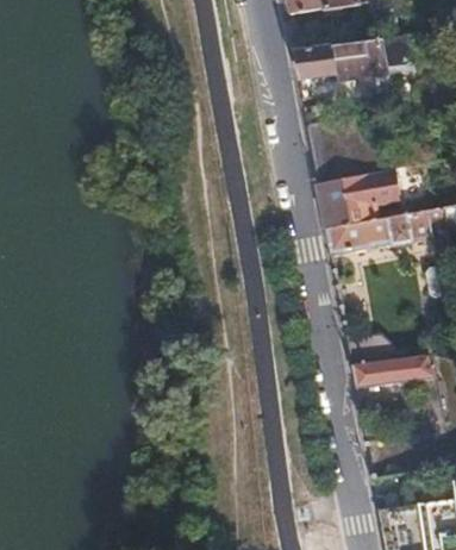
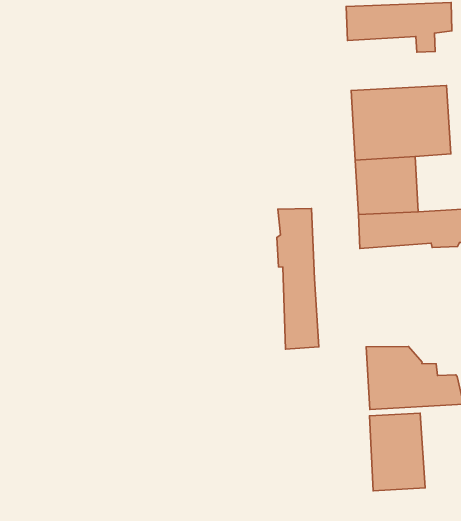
building: none -> [277,208,319,349]
building: none -> [370,413,425,491]

